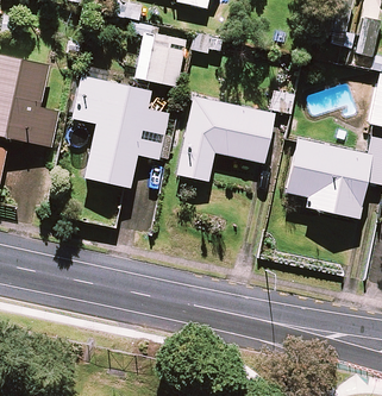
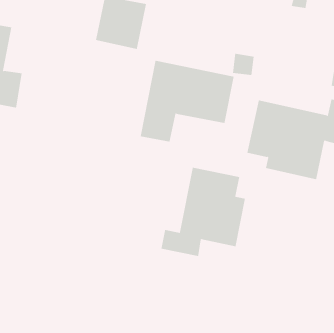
building: [71,76,170,187] -> none
building: none -> [161,167,245,257]

